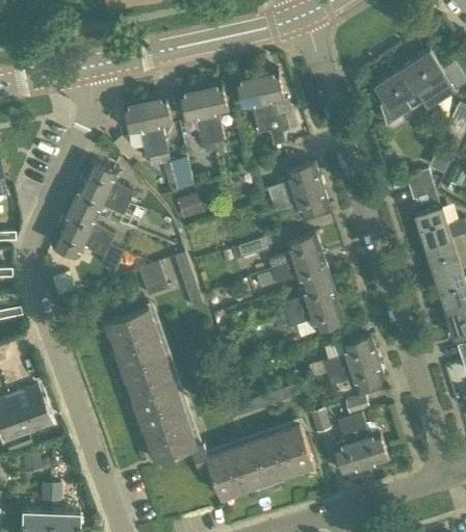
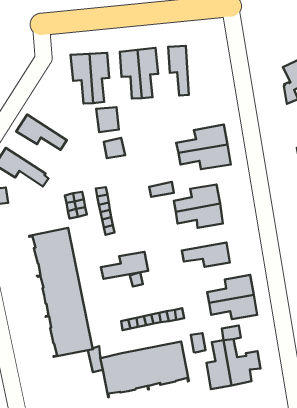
building: [258,72,291,148] -> none
building: [82,161,139,206] -> none
building: [62,204,119,248] -> none
building: [281,278,337,317] -> [101,252,148,279]

